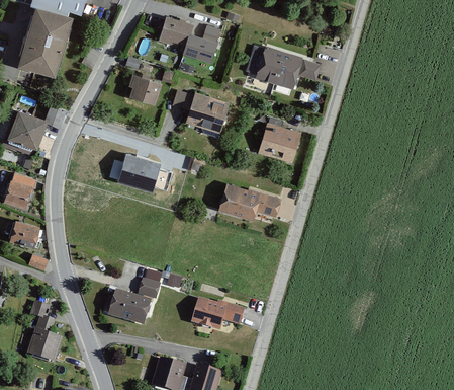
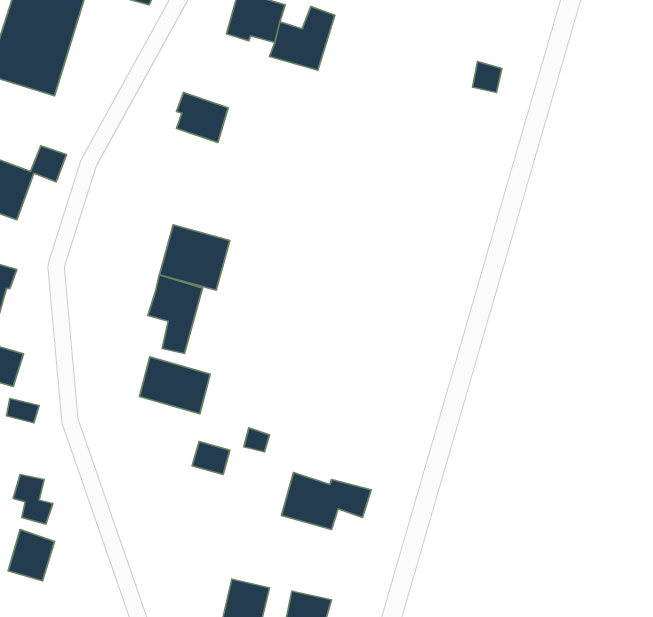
building: [257,45,302,85] -> none
building: [173,87,228,133] -> none
building: [257,121,299,160] -> none
building: none -> [148,275,202,353]
building: [217,182,279,219] -> none
building: [106,292,148,325] -> [139,357,210,414]

